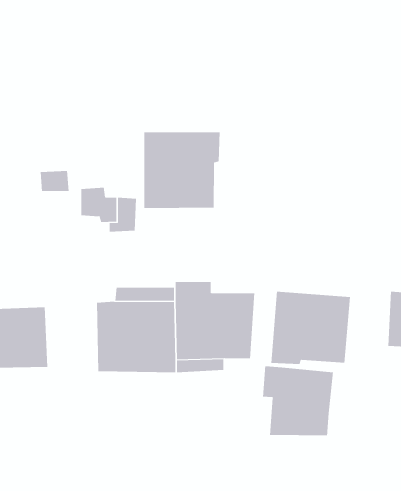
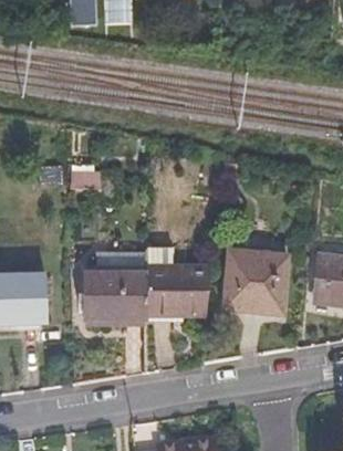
building: [144,131,220,209] -> none
building: [262,365,334,436] -> none

